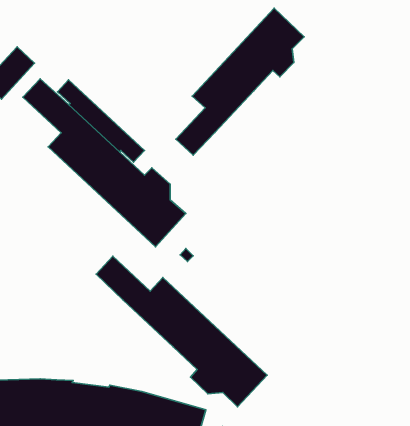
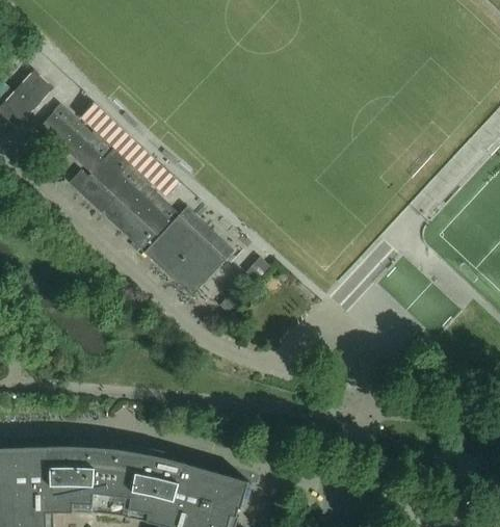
building: [176,8,304,155] -> none
building: [96,256,267,407] -> none

